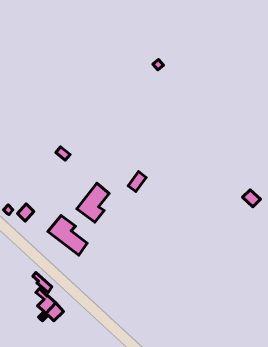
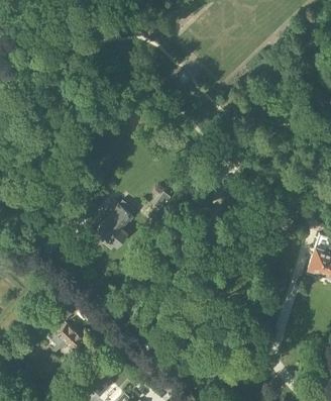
building: [48,216,87,255] -> none

